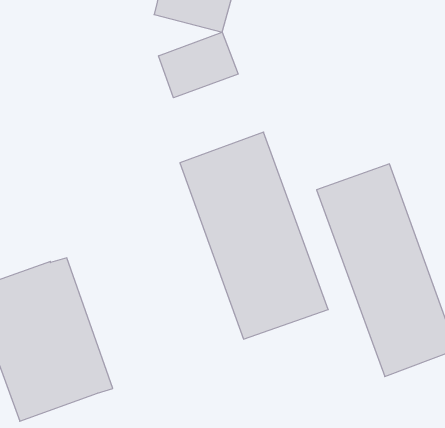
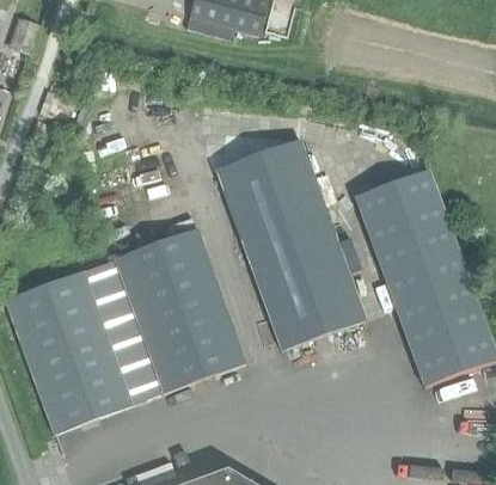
building: [159,32,238,98] -> none
building: none -> [102,228,246,399]

